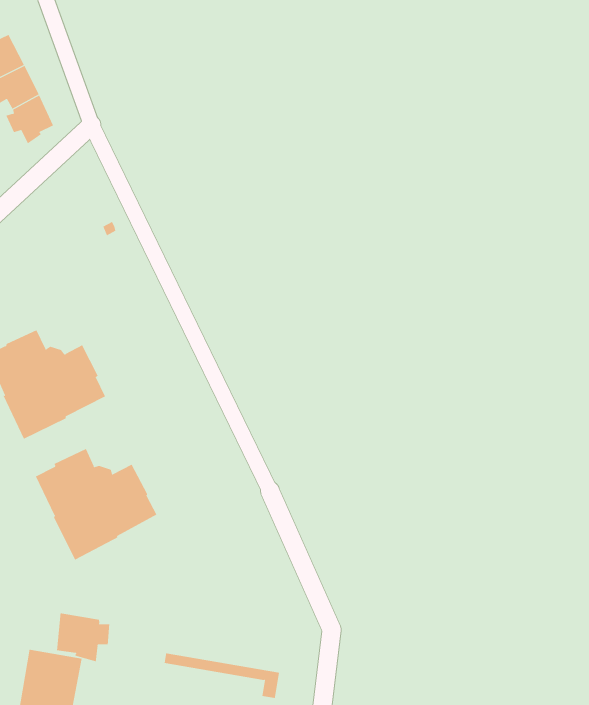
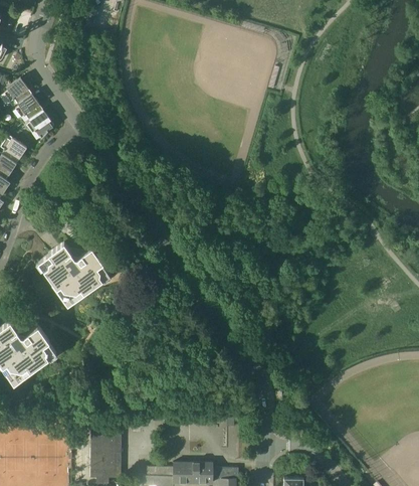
building: [35,448,157,560] -> none
building: [56,613,110,662] -> none

